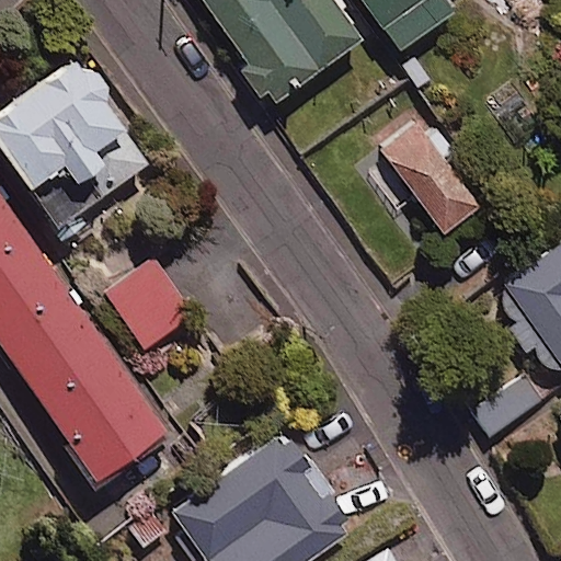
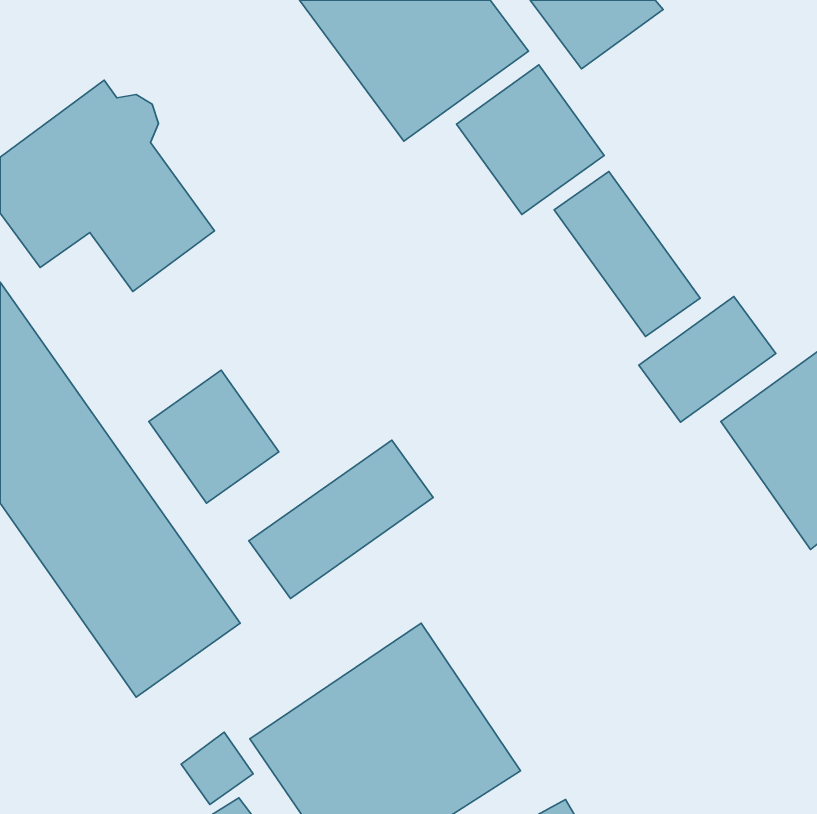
building: none -> [457,65,604,214]
building: none -> [639,297,776,422]
building: none -> [249,440,433,598]

